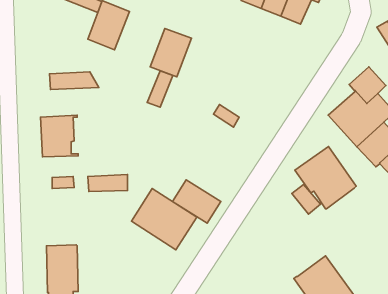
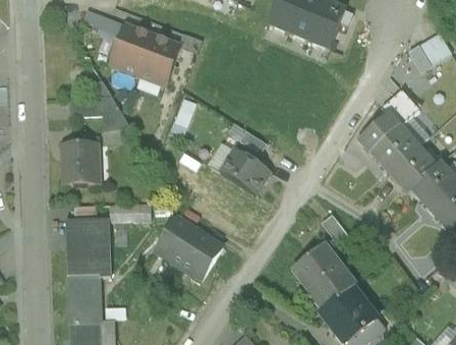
building: [150,28,192,77] -> [138,35,181,84]
building: [295,146,356,209] -> [294,243,357,307]
building: [172,180,221,223] -> [220,150,270,194]
building: none -> [66,217,111,276]

